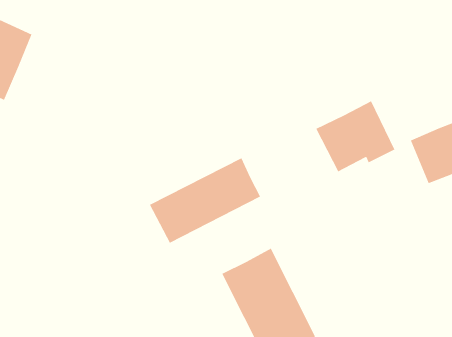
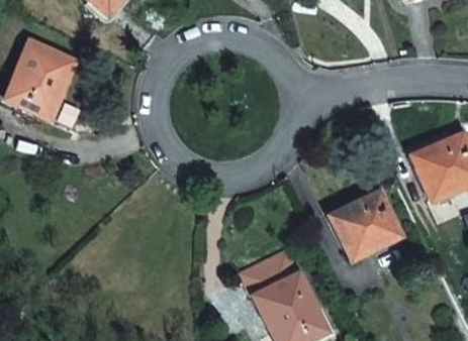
building: [315,100,395,172] -> [331,191,402,255]
building: [149,157,261,244] -> none

